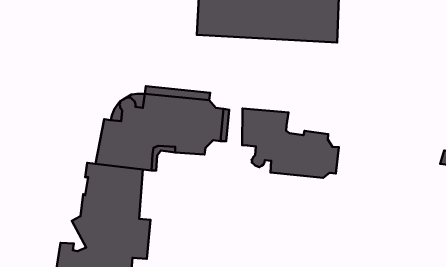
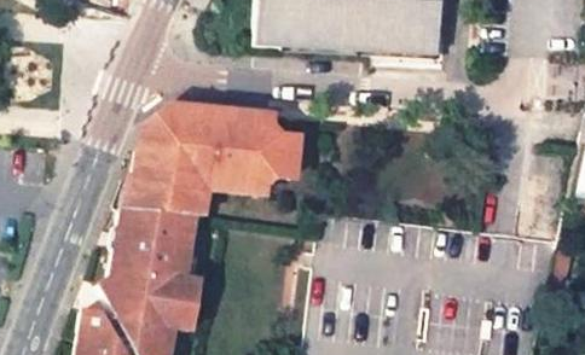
building: [242,108,339,178] -> none

